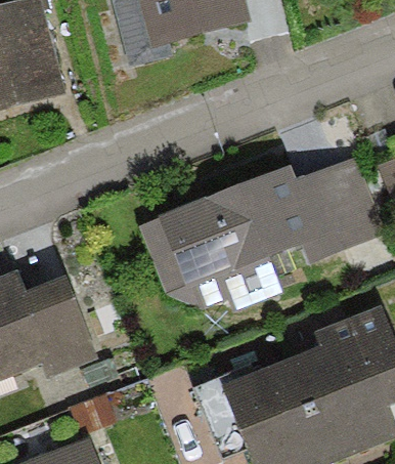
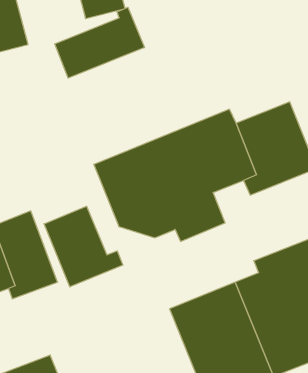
building: none -> [55,7,144,78]
building: none -> [44,206,123,287]

